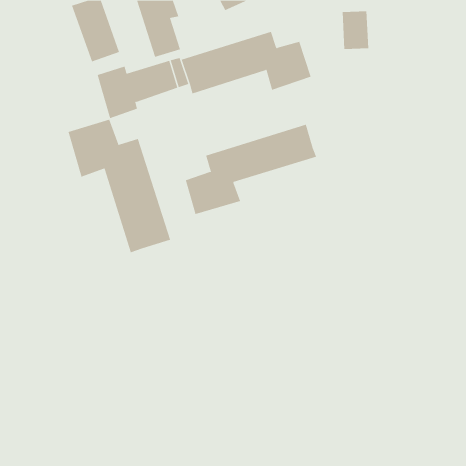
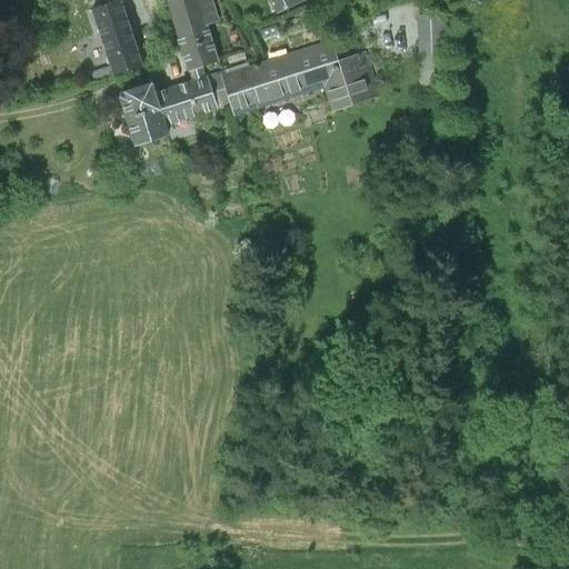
building: [68,119,171,253] -> none
building: [185,124,317,215] -> none

